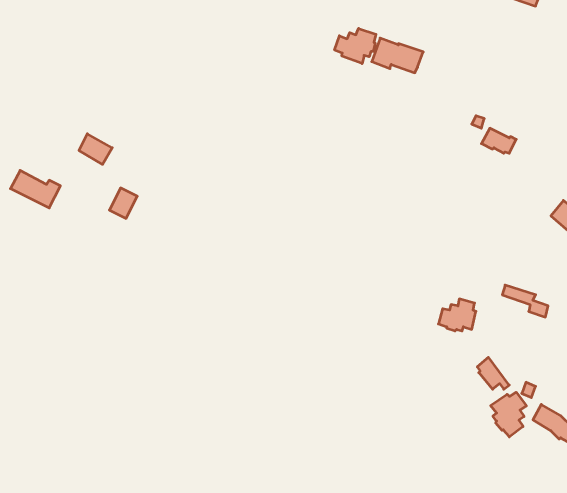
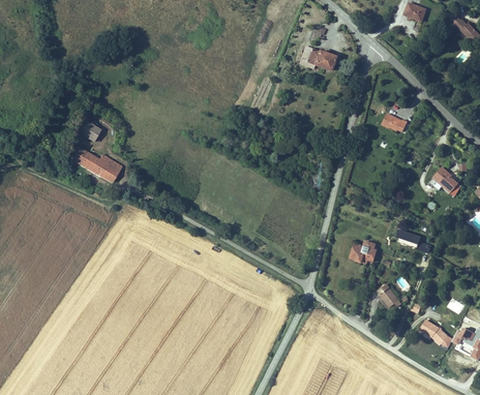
building: [335,28,376,64] -> none
building: [10,170,60,208] -> [74,146,112,174]
building: [491,392,526,437] -> none

